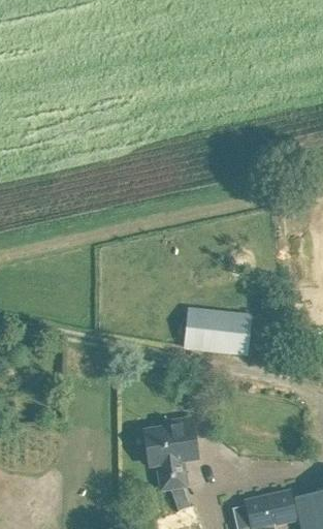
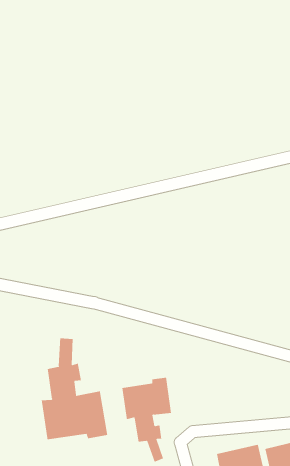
building: [184,309,250,354] -> none
building: none -> [41,338,108,440]

